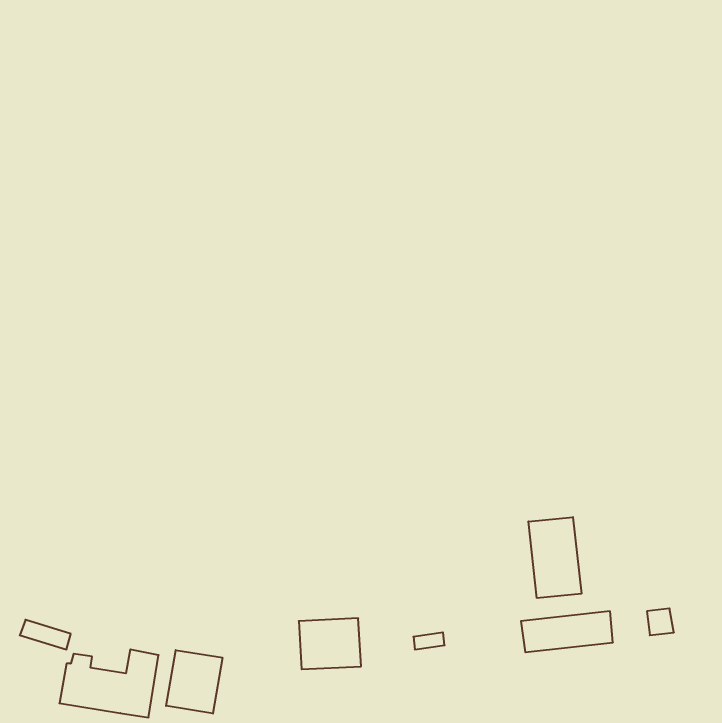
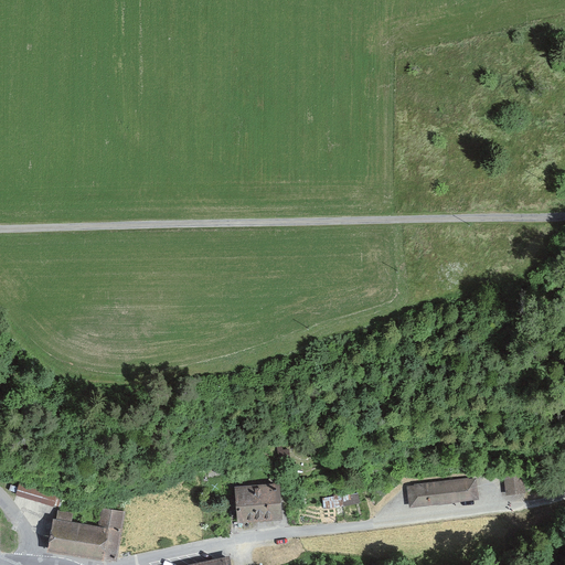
building: [528,517,581,598] -> none
building: [166,650,222,714] -> none

